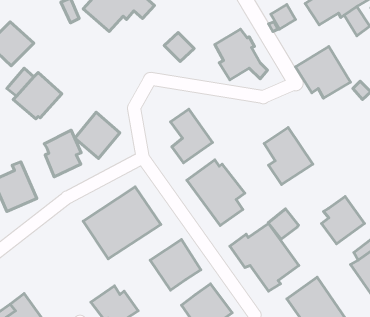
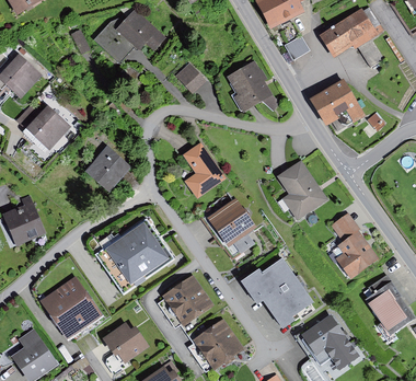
building: [44,130,81,177] -> none
building: [268,209,298,239] -> [330,211,360,242]
building: none -> [39,276,101,338]

